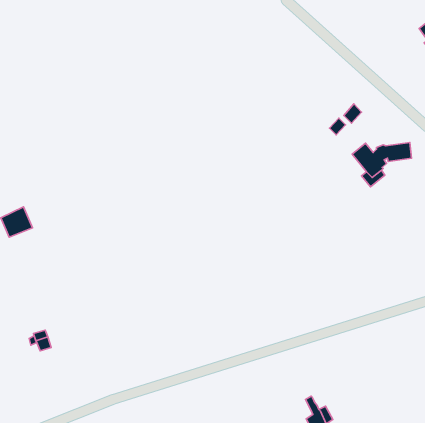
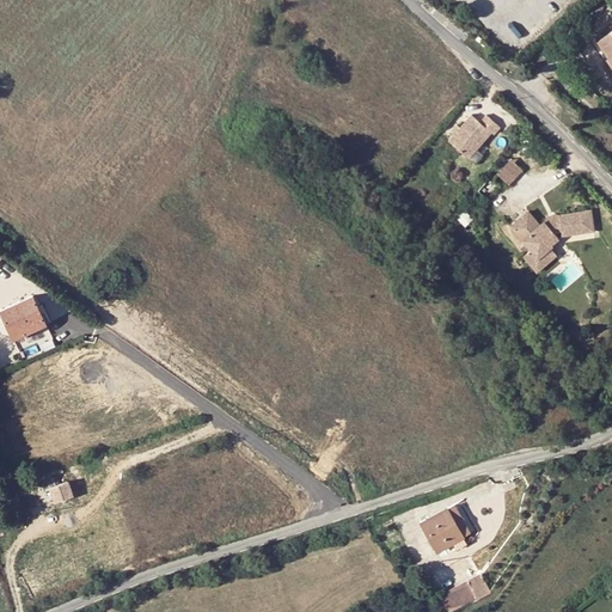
building: none -> [447,111,498,154]
building: none -> [424,509,475,557]

